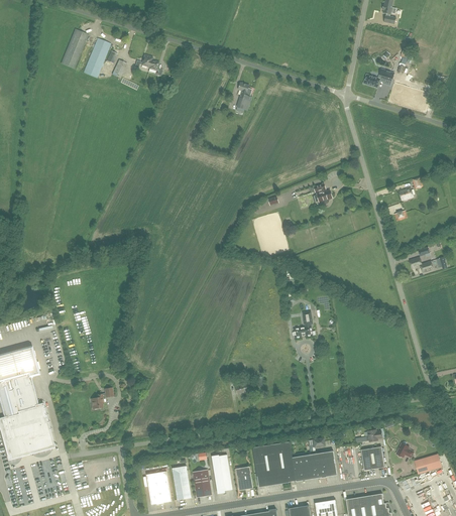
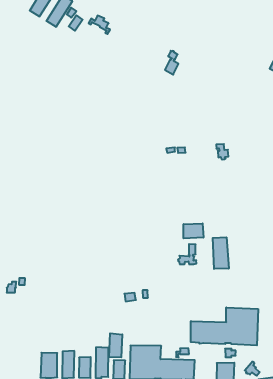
building: none -> [184,223,203,238]
building: none -> [213,237,229,269]
building: none -> [191,307,258,345]
building: none -> [109,333,122,357]

